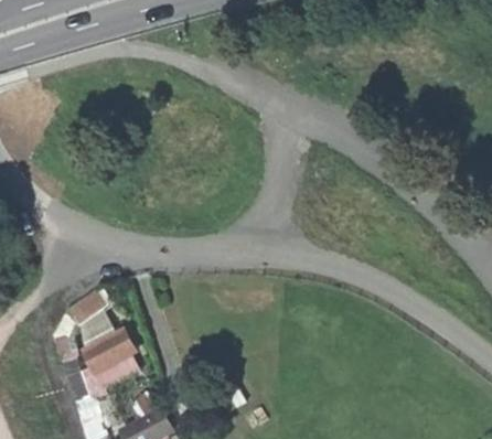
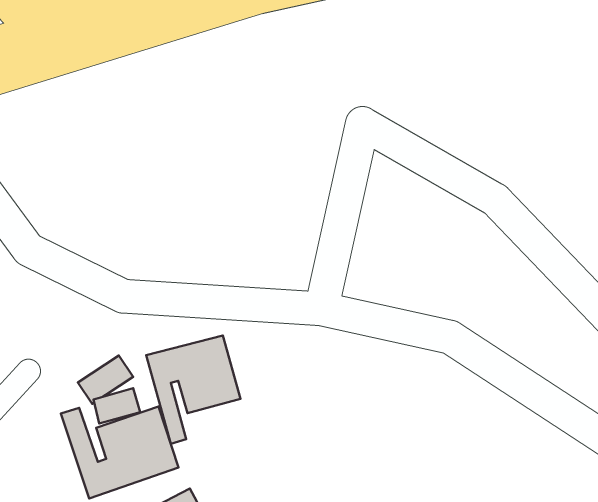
building: none -> [146,335,241,444]

